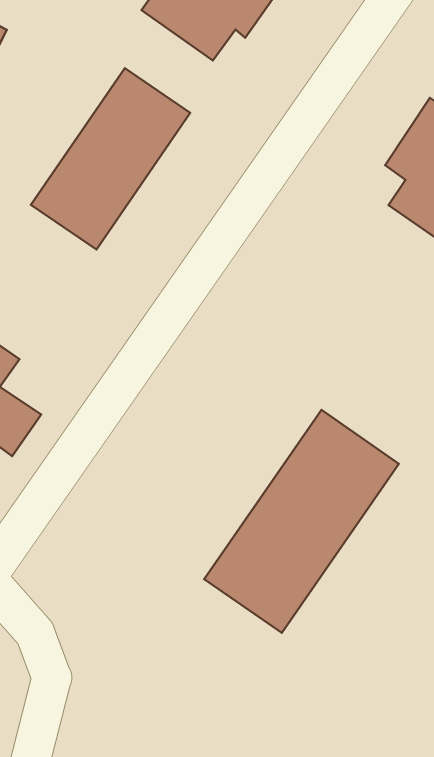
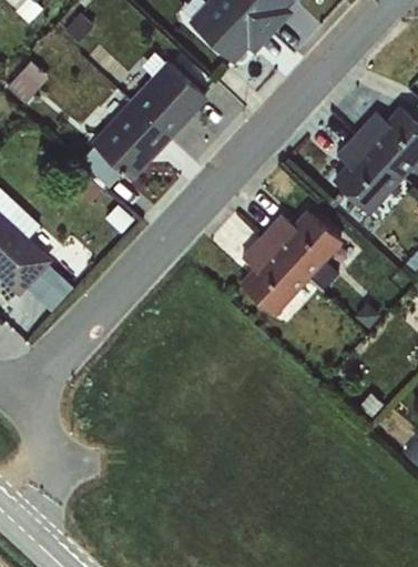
building: none -> [239,212,344,316]
building: [204,410,399,633] -> none

